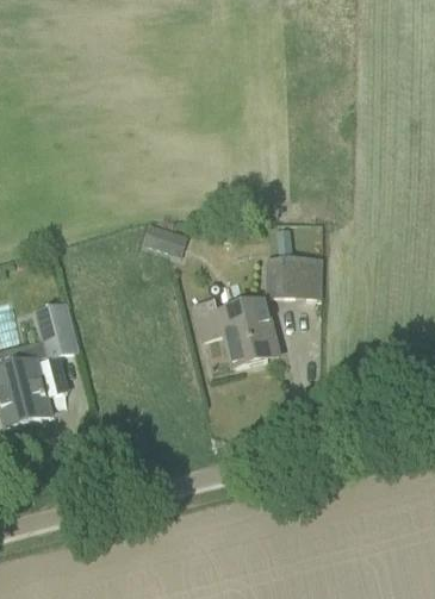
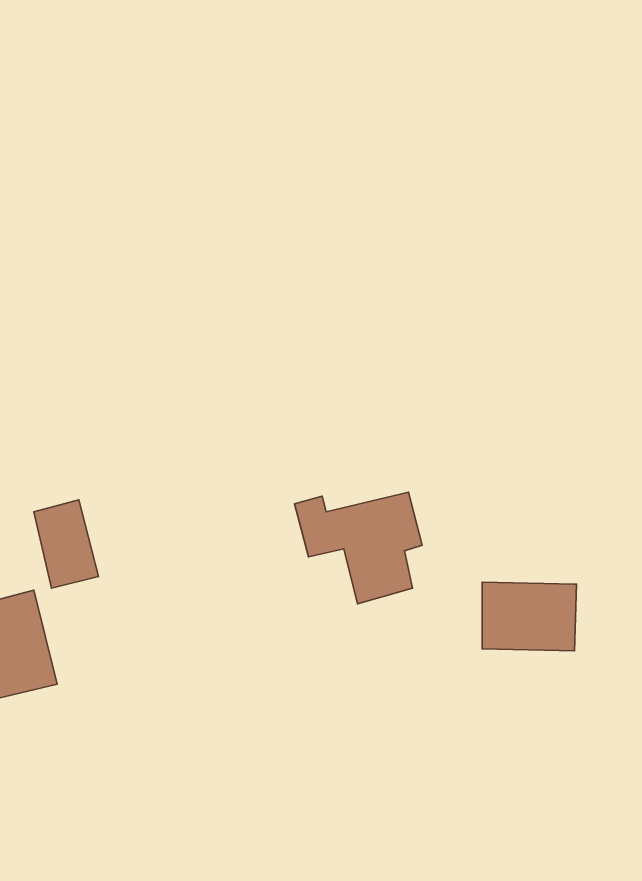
building: [144,221,186,252] -> none
building: [266,255,323,297] -> [482,582,576,651]

